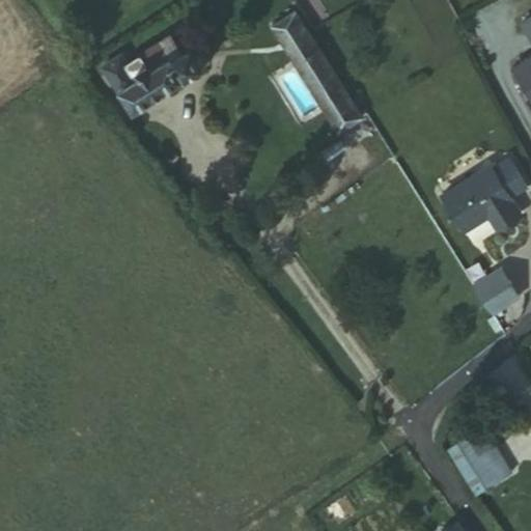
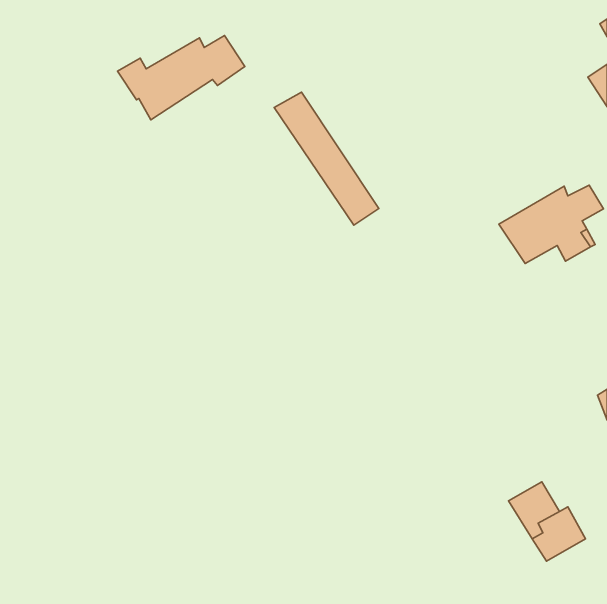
building: [272,15,363,131] -> [274,92,379,225]
building: [473,270,518,315] -> none

